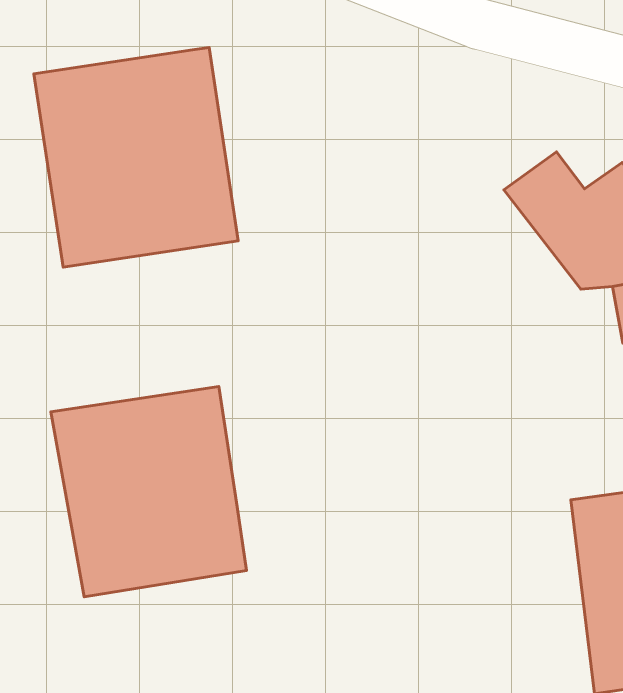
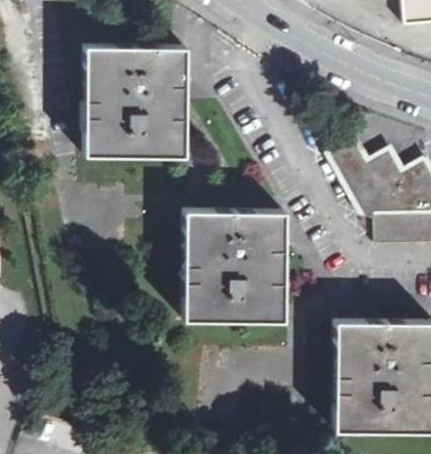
building: none -> [187,210,285,317]
building: [51,387,247,597] -> none

